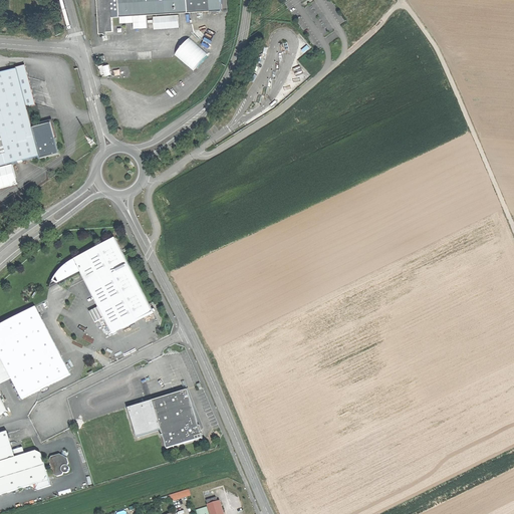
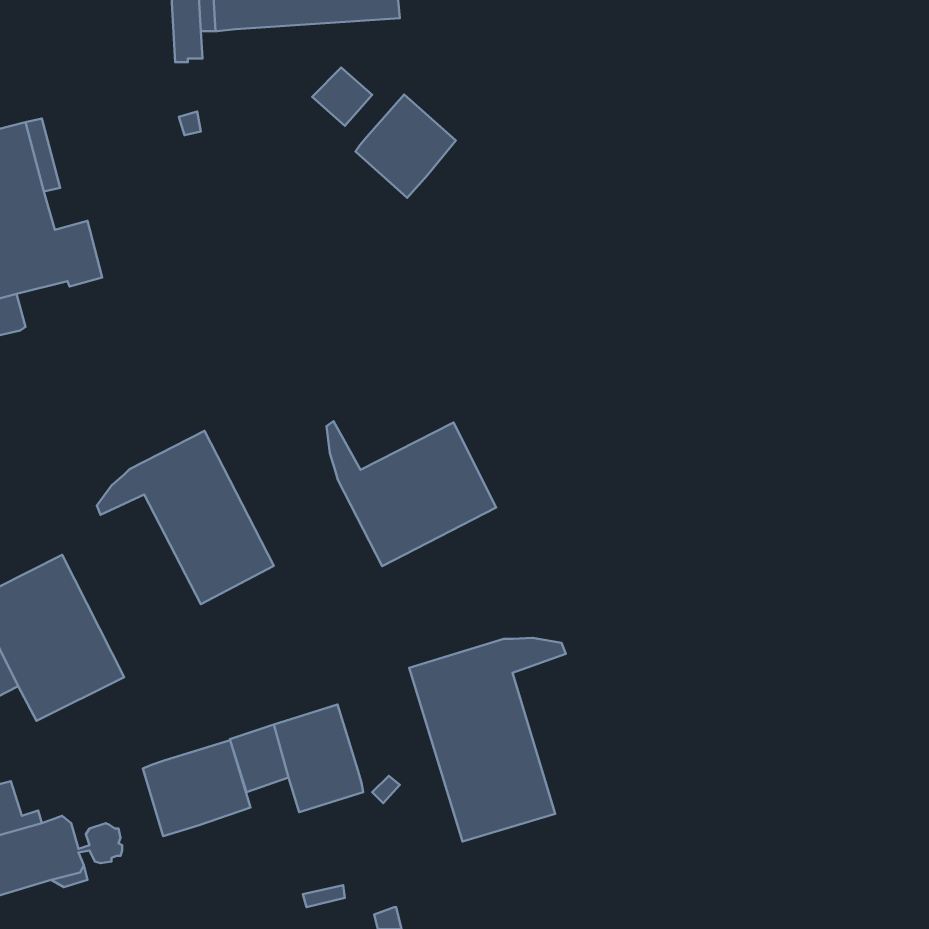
building: none -> [355,94,456,198]
building: none -> [327,421,496,566]
building: none -> [409,638,566,841]
building: none -> [143,740,251,836]

